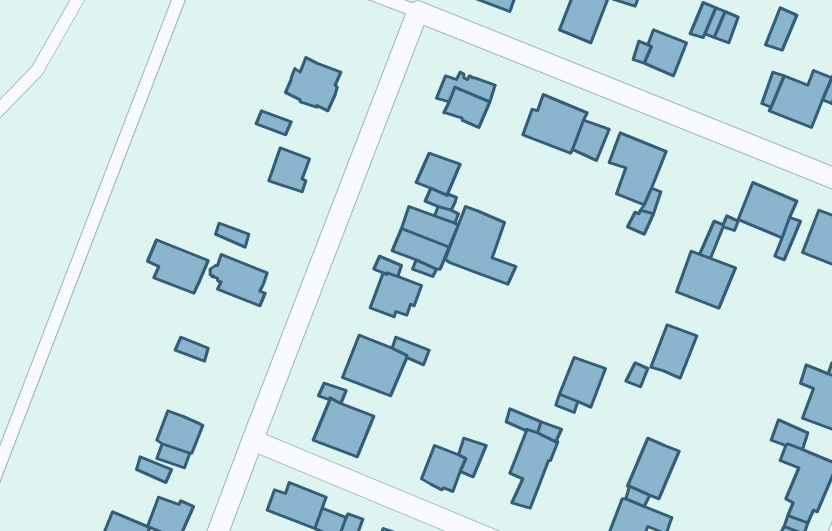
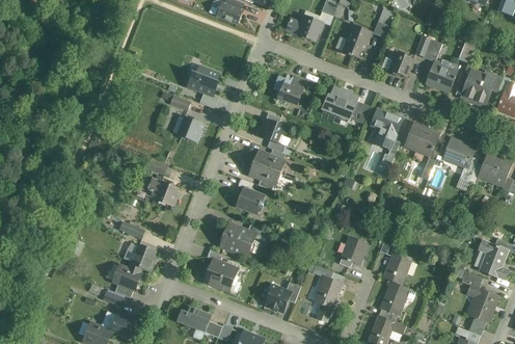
building: none -> [426,60,457,90]
building: [445,206,516,284] -> none
building: [148,240,208,293] -> none
building: [676,251,735,308] -> [406,123,439,155]
building: [651,325,697,378] -> [384,255,410,285]
building: none -> [129,243,154,272]

